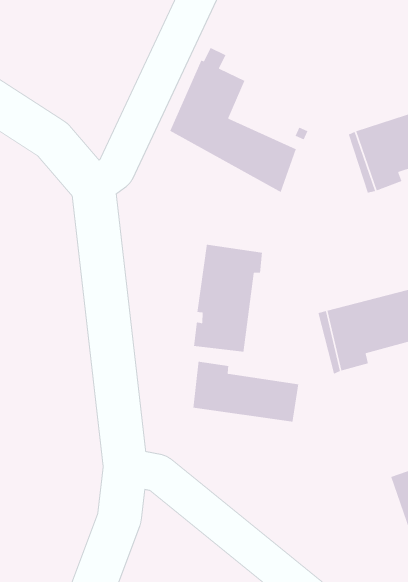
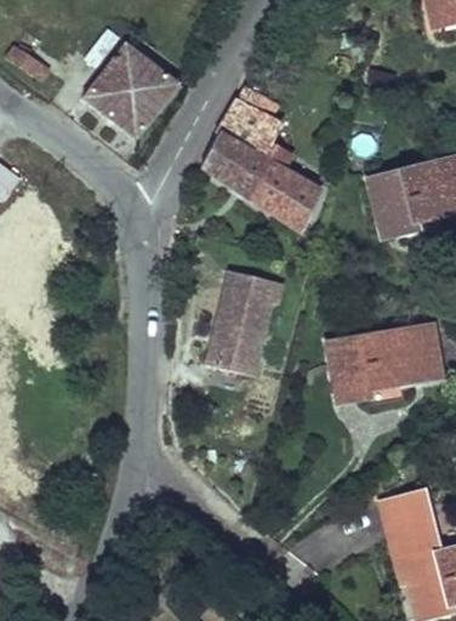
building: none -> [82,41,178,136]
building: [193,361,299,422] -> none

